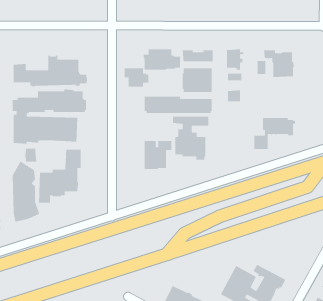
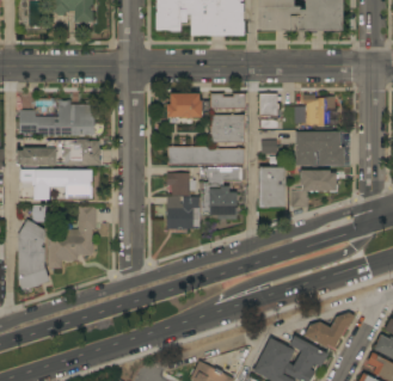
building: [124,68,149,88] -> [166,173,195,196]
building: none -> [294,131,349,166]
building: none -> [257,167,284,208]
building: none -> [302,313,354,349]

